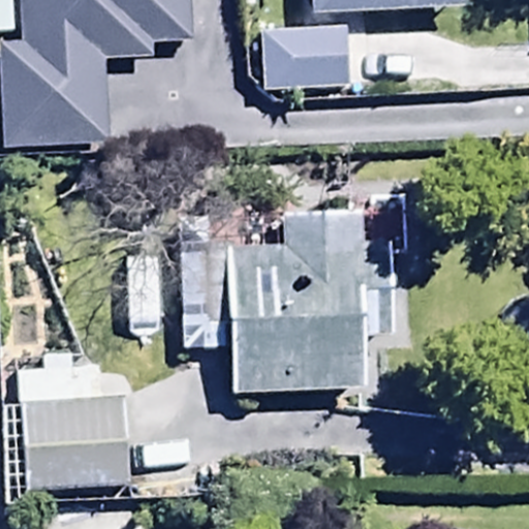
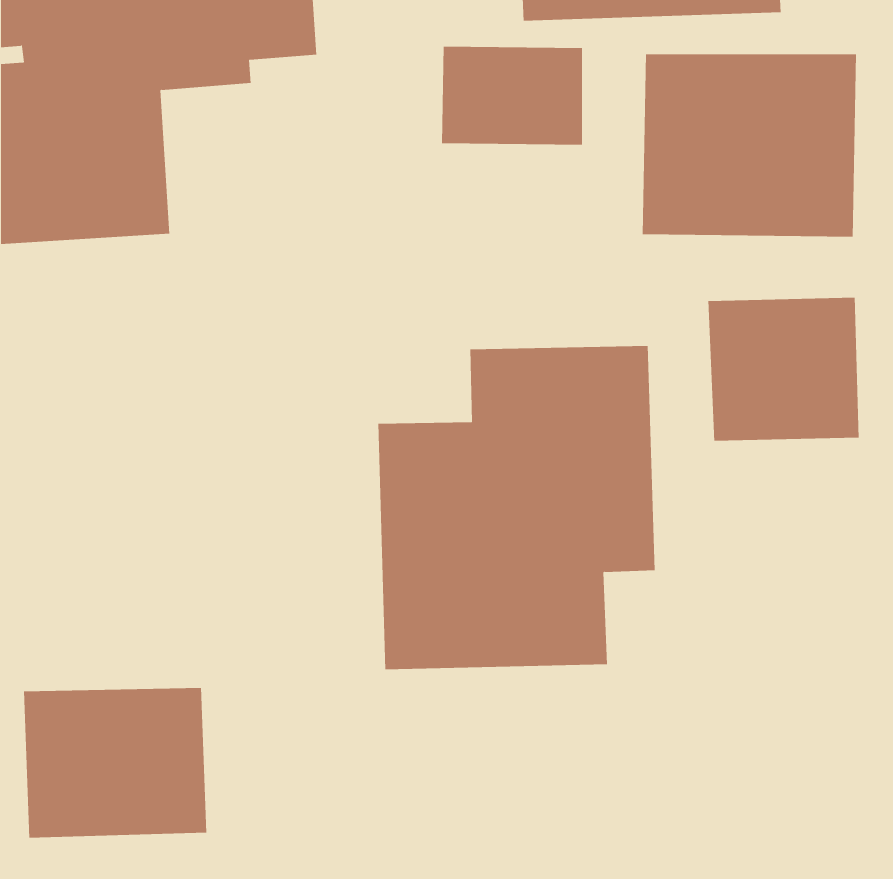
building: none -> [642,53,856,237]
building: none -> [708,297,859,441]

